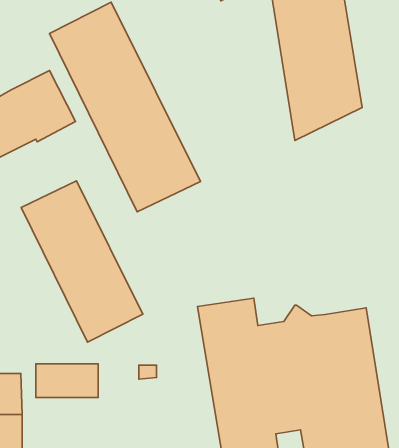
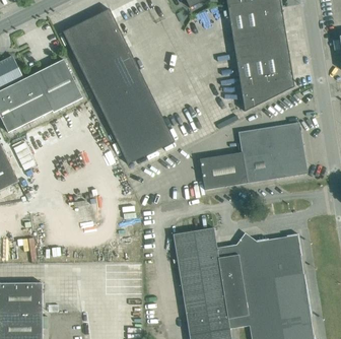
building: none -> [200,122,308,190]
building: [21,181,143,342] -> none
building: [36,364,98,397] -> none

